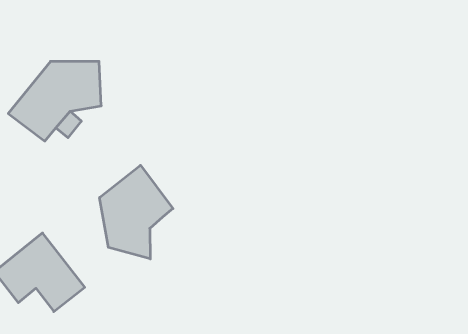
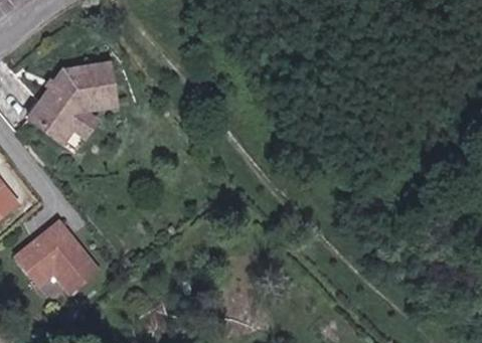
building: [100,165,173,259] -> none

